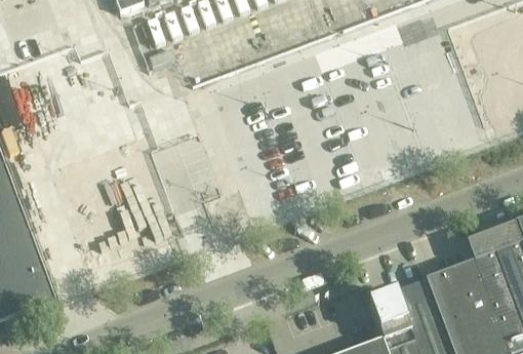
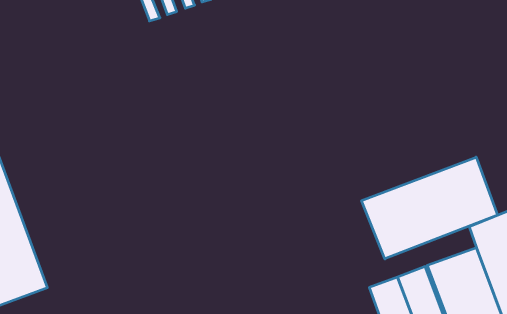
building: none -> [362,157,498,259]

